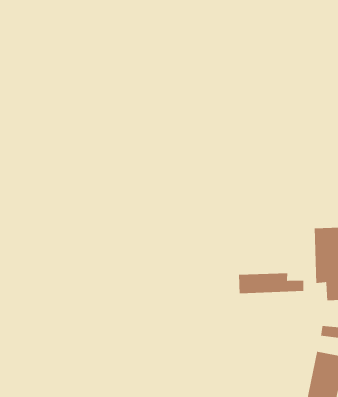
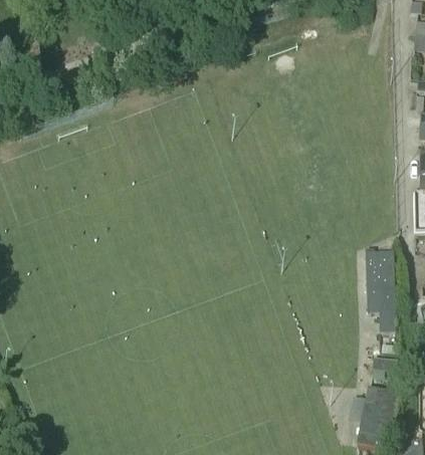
building: [238,272,304,294] -> none

